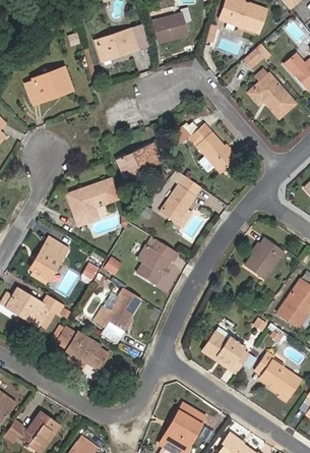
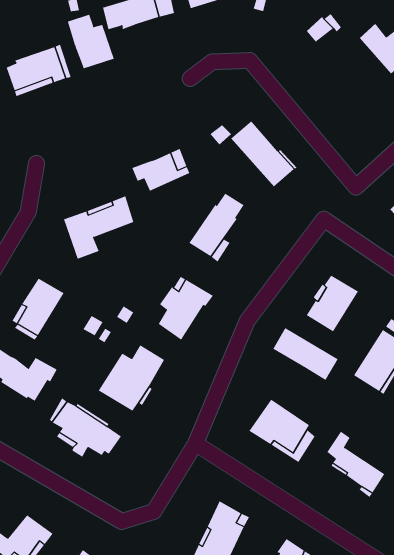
building: none -> [67,14,115,69]
building: [249,72,297,117] -> none
building: none -> [272,327,338,381]

